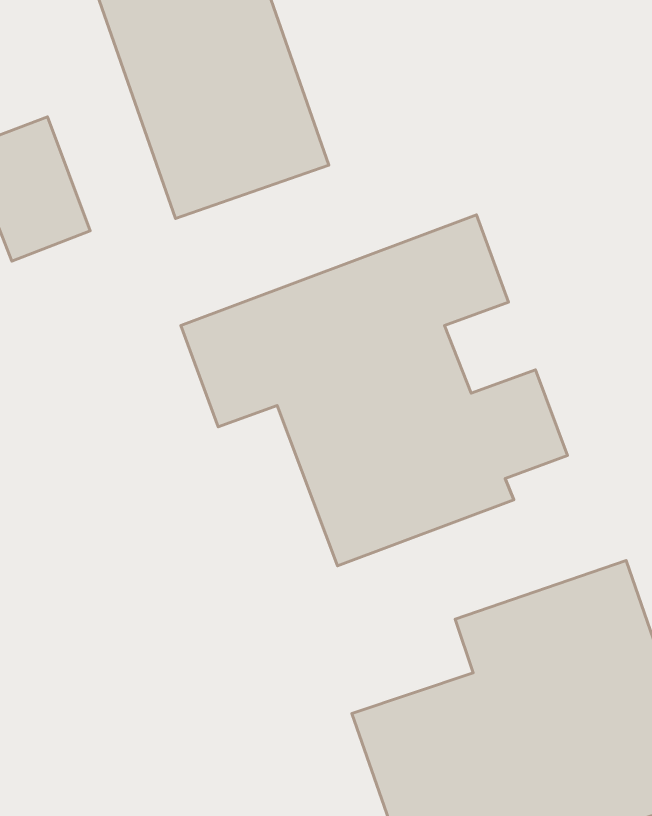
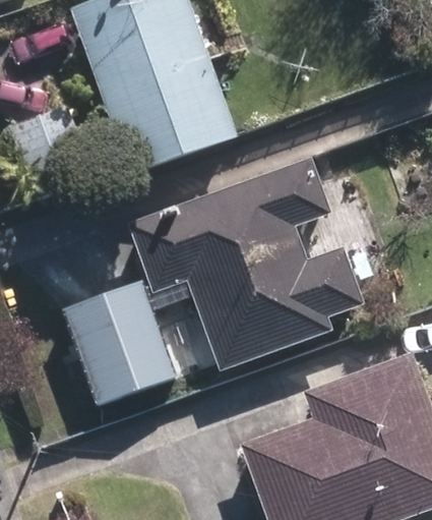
building: none -> [77,288,172,396]

